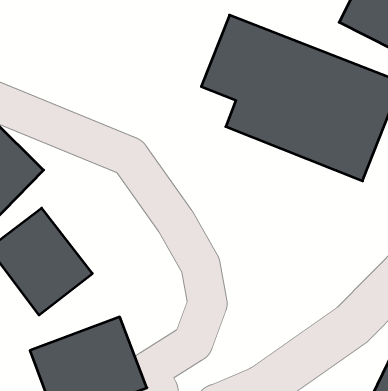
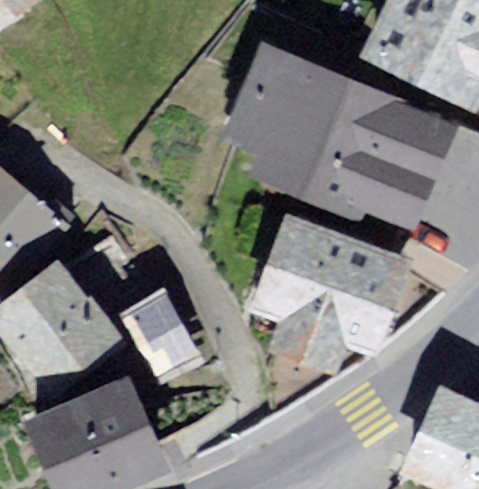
building: none -> [263,216,411,363]
building: none -> [110,290,192,379]

